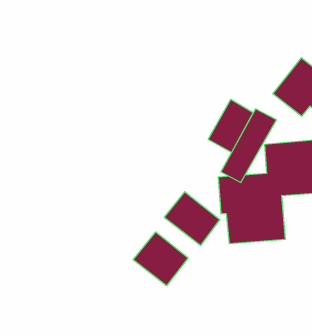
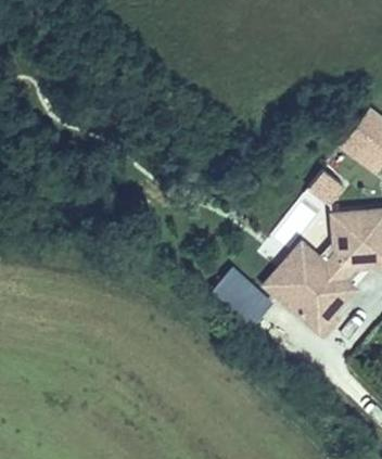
building: [208,99,253,152] -> none
building: [133,232,188,286] -> none

